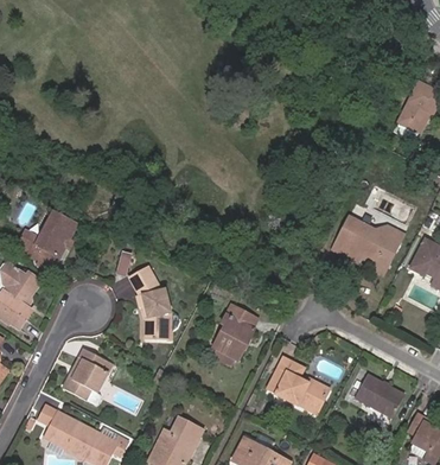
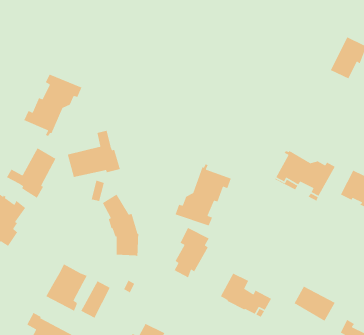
building: none -> [23,74,82,137]
building: none -> [67,130,121,178]
building: none -> [175,164,232,227]
building: none -> [80,280,111,319]

